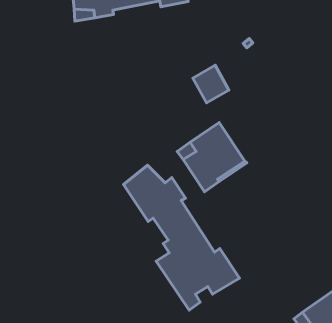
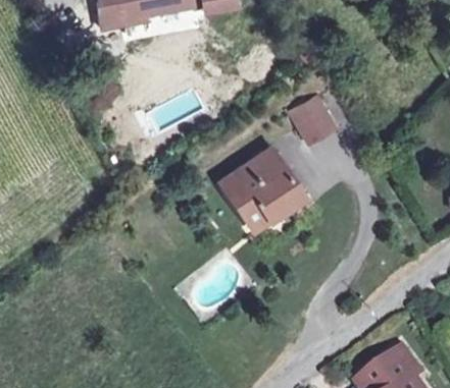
building: [193,65,229,103] -> [290,98,333,143]
building: [123,165,239,310] -> none

